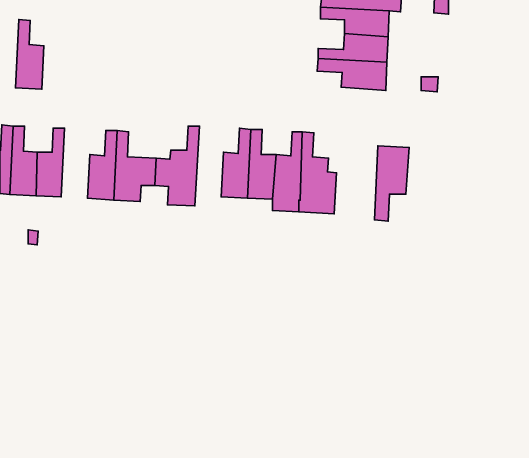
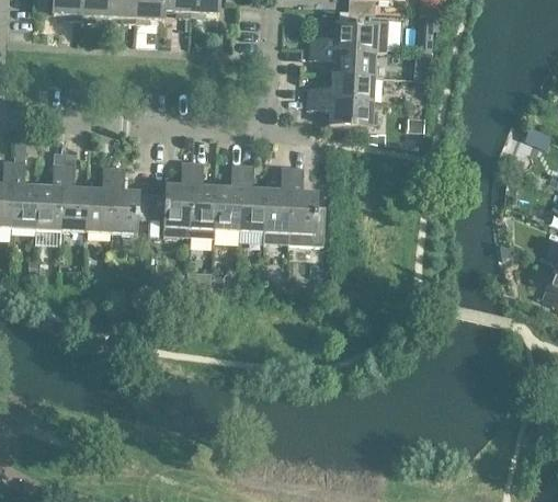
building: [15,19,44,89] -> [60,162,88,229]
building: none -> [189,160,216,239]
building: [375,146,409,221] -> none

